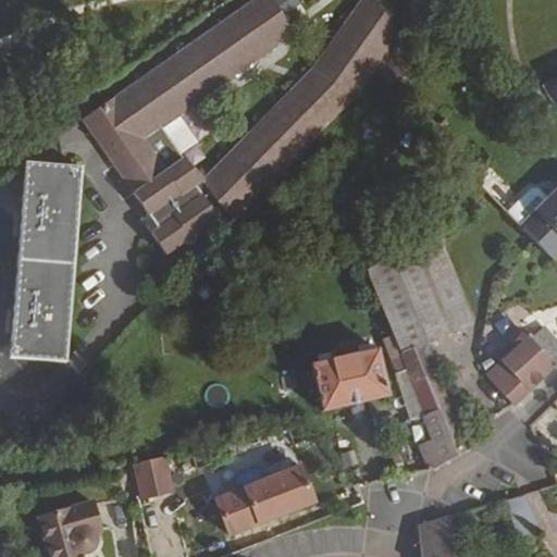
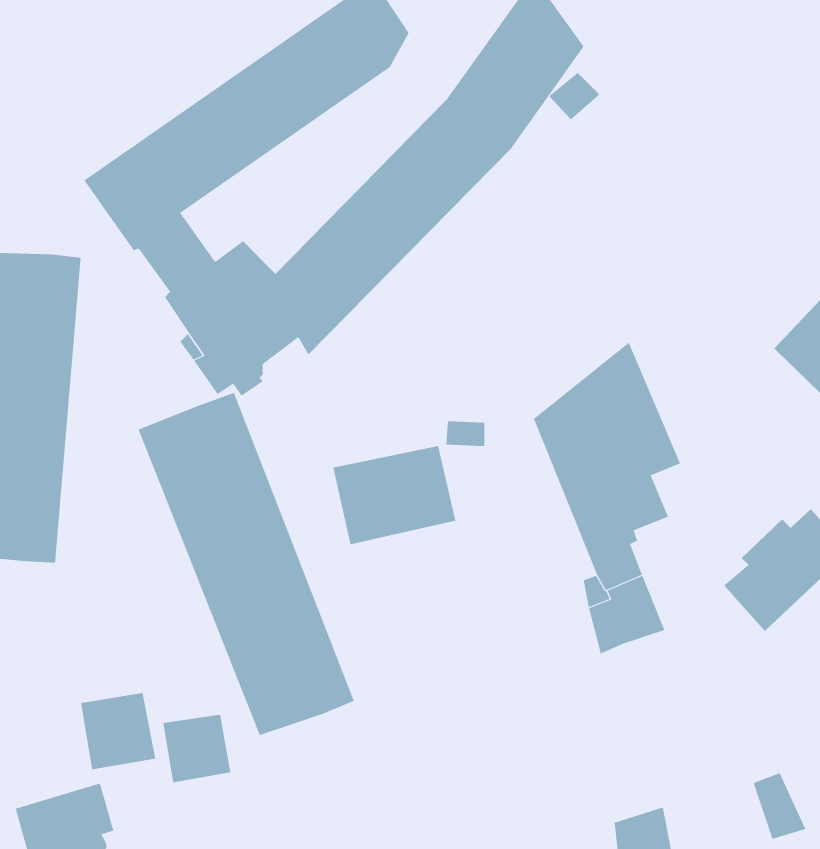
building: none -> [138,392,354,736]
building: [310,347,388,410] -> [333,445,456,545]
building: [421,403,469,469] -> none
building: none -> [81,692,156,770]
building: [215,465,314,534] -> none

